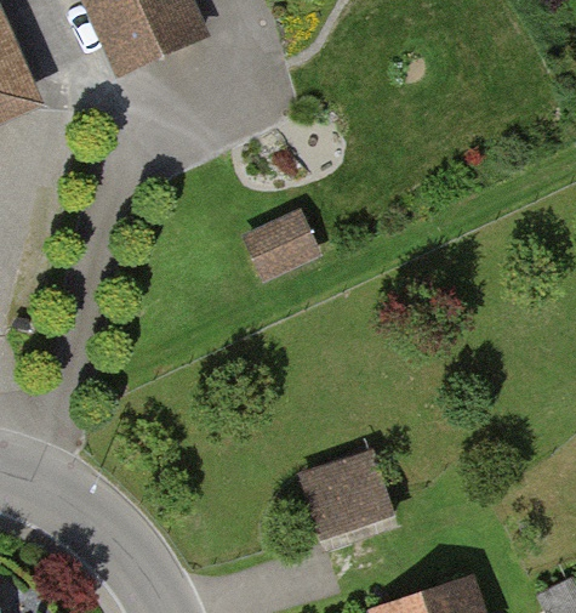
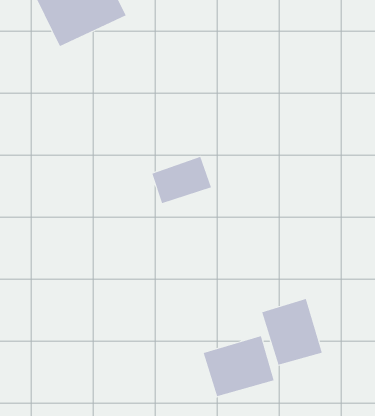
building: none -> [261,298,322,366]

